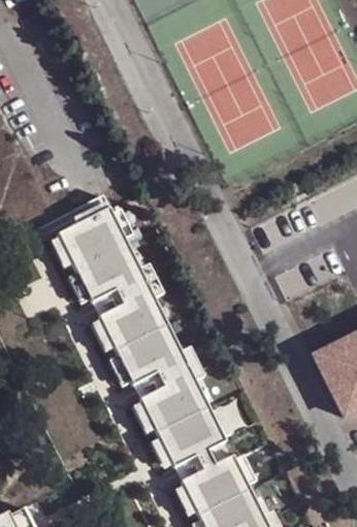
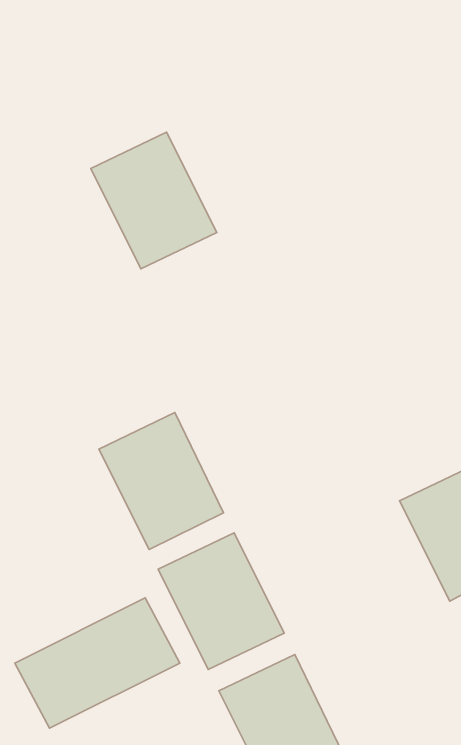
building: [58,210,143,303] -> [91,132,217,269]
building: none -> [15,598,180,728]

